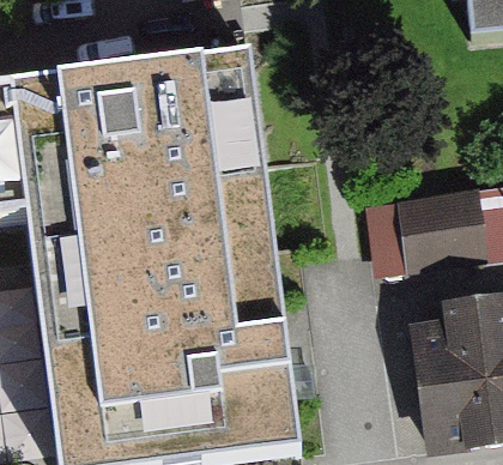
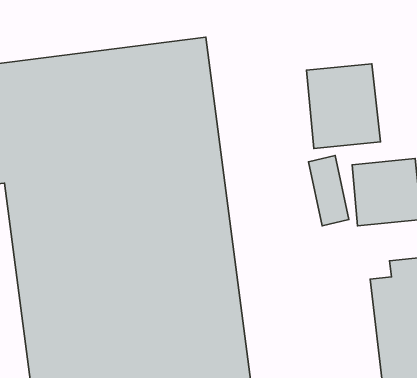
building: none -> [306,64,380,149]

